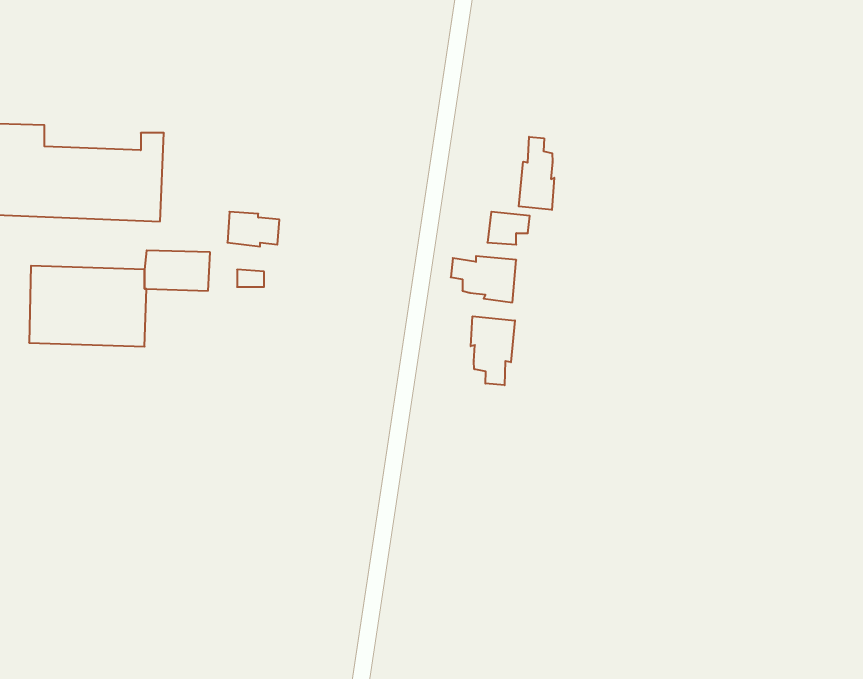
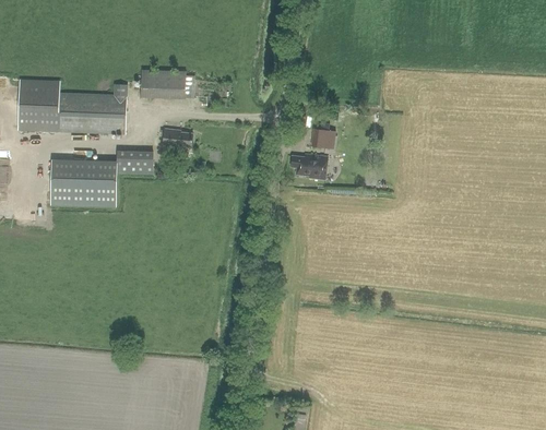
building: none -> [141,69,186,98]
building: [519,137,554,210] -> none
building: [471,316,515,385] -> none

